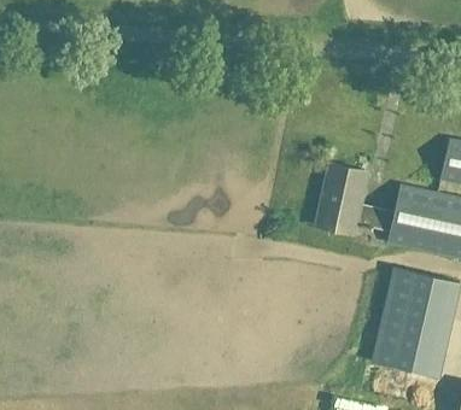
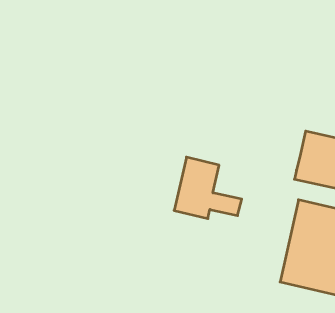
building: [316,163,396,235] -> [174,157,242,219]

